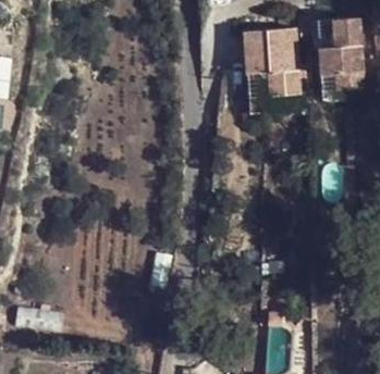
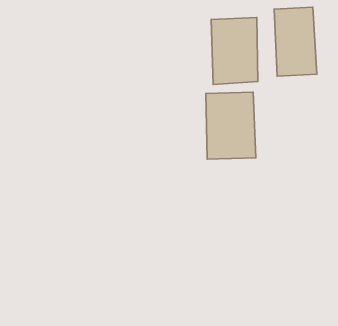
building: none -> [206,92,256,159]

